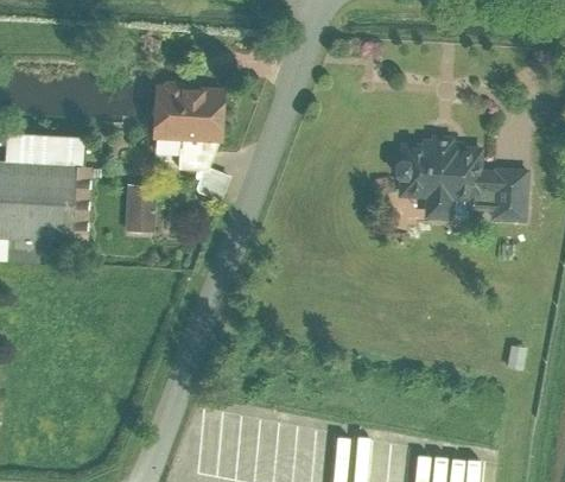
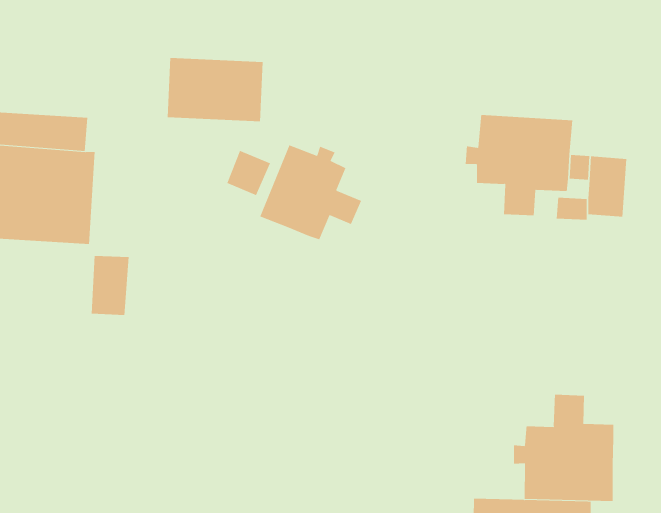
building: none -> [260,145,362,240]
building: [126,186,158,236] -> [91,255,129,315]
building: none -> [513,394,614,502]

